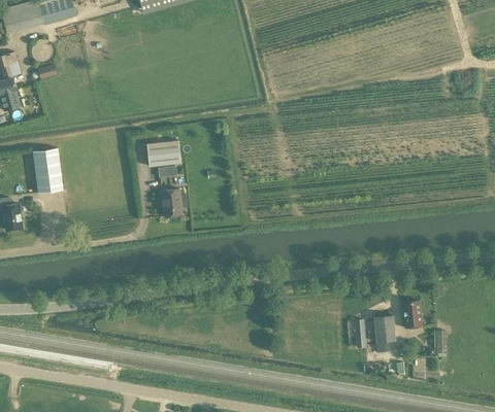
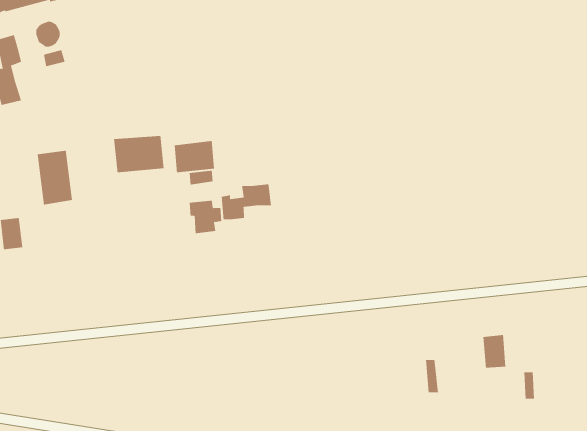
building: none -> [114,135,164,173]
building: none -> [221,184,271,220]
building: [372,314,394,352] -> none

